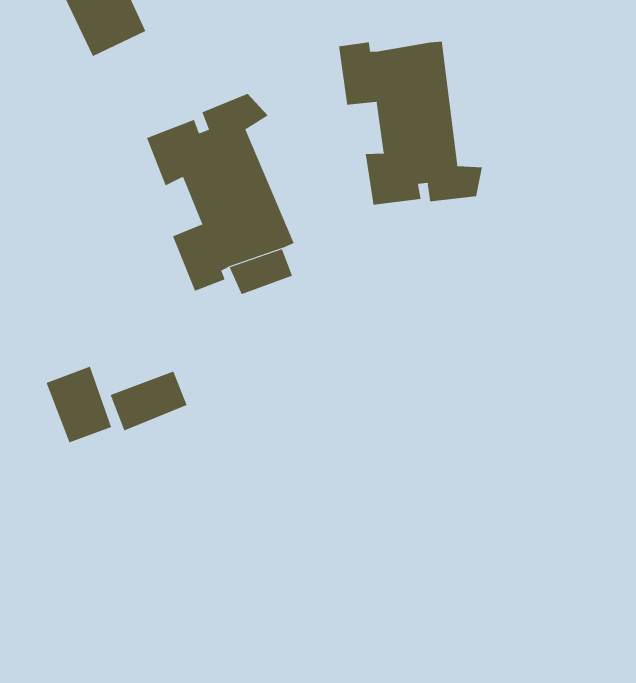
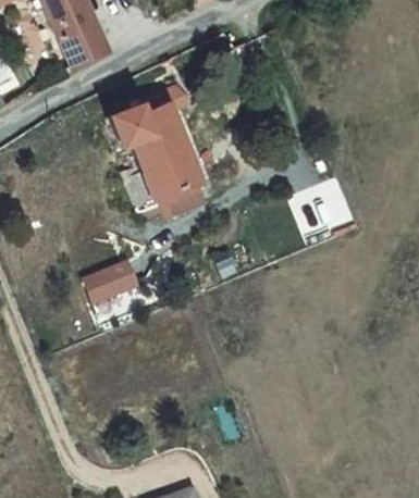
building: [338,41,482,206] -> none
building: [46,366,112,443] -> none

